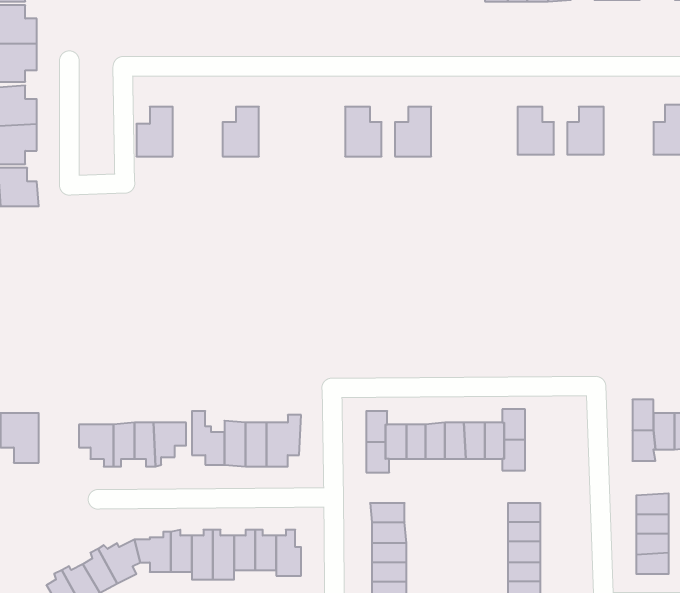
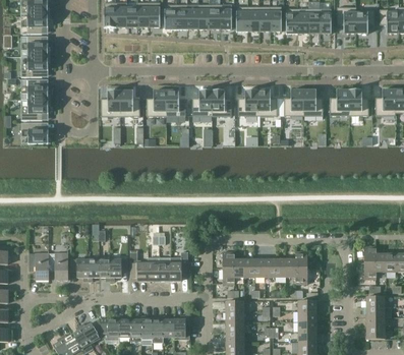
building: none -> [349,90,368,116]
building: none -> [120,91,140,117]
building: none -> [166,91,186,117]
building: none -> [192,91,212,117]
building: none -> [257,91,277,117]
building: none -> [284,91,303,117]
building: none -> [49,253,68,280]

